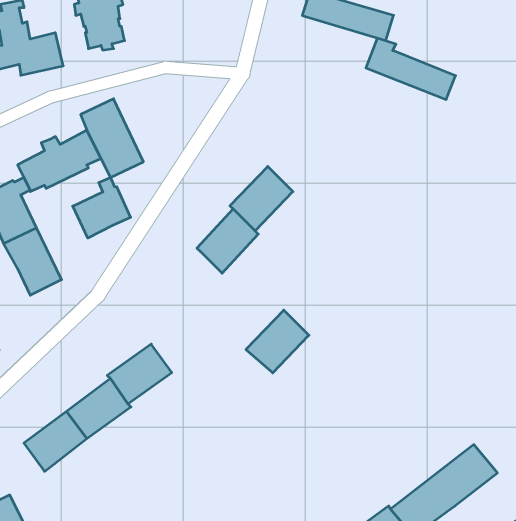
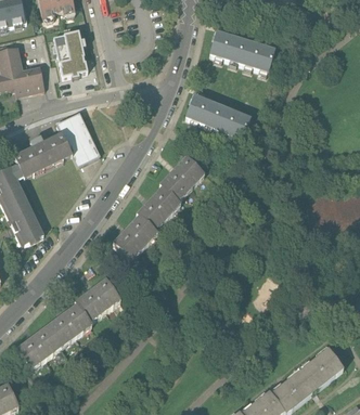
building: [366,38,456,99] -> [185,95,247,138]
building: [73,177,131,238] -> none
building: [246,310,309,373] -> [113,216,156,259]

